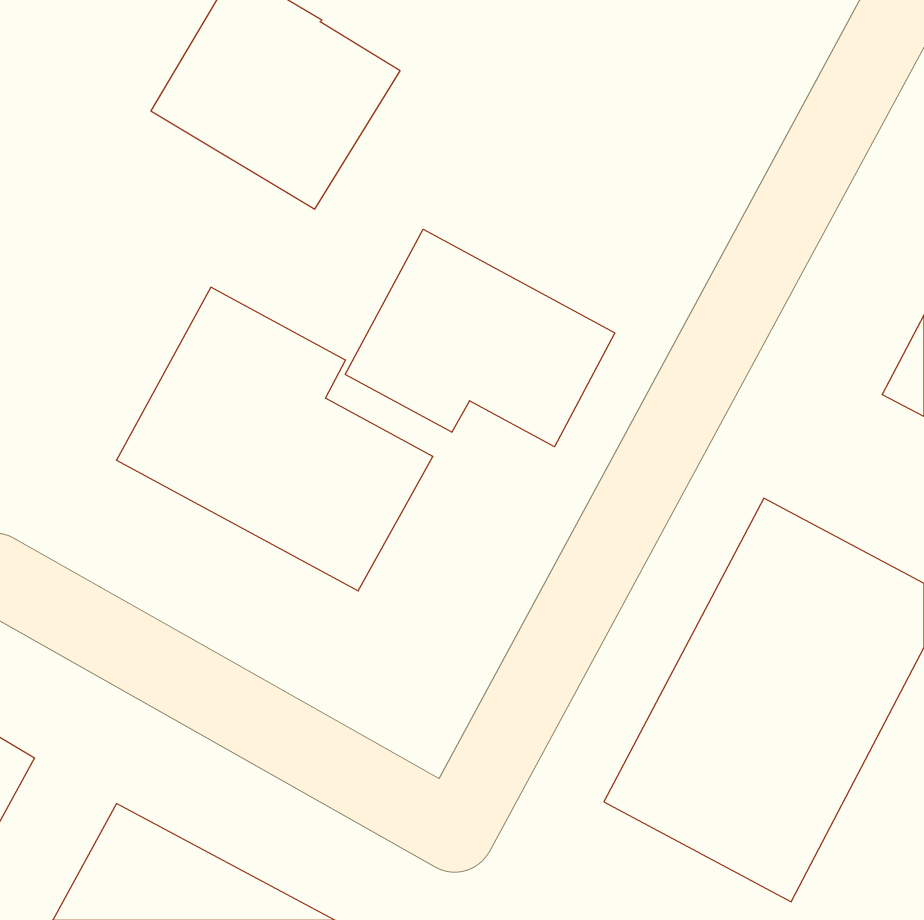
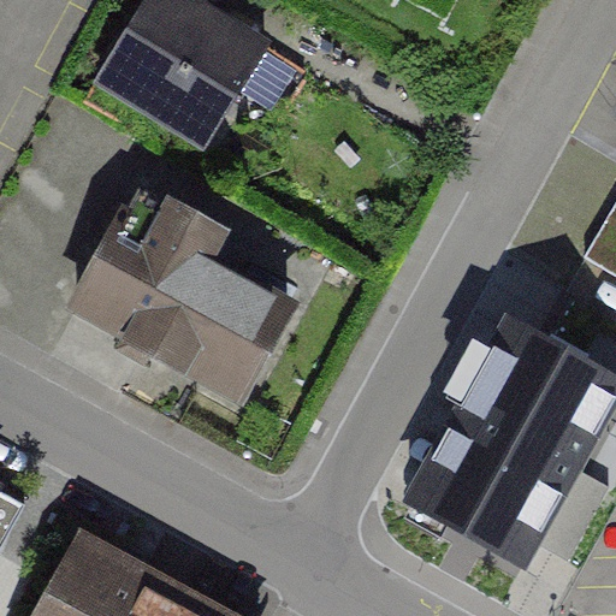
building: [345,229,615,447] -> none

